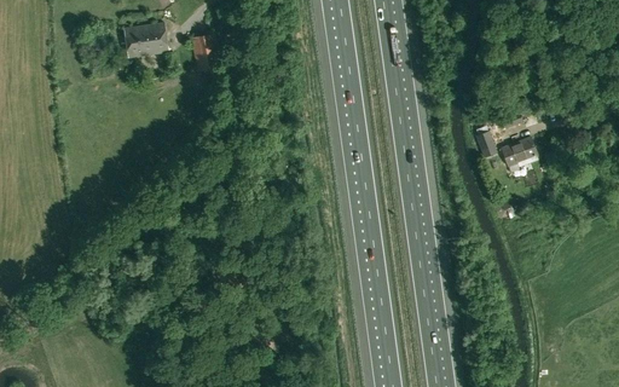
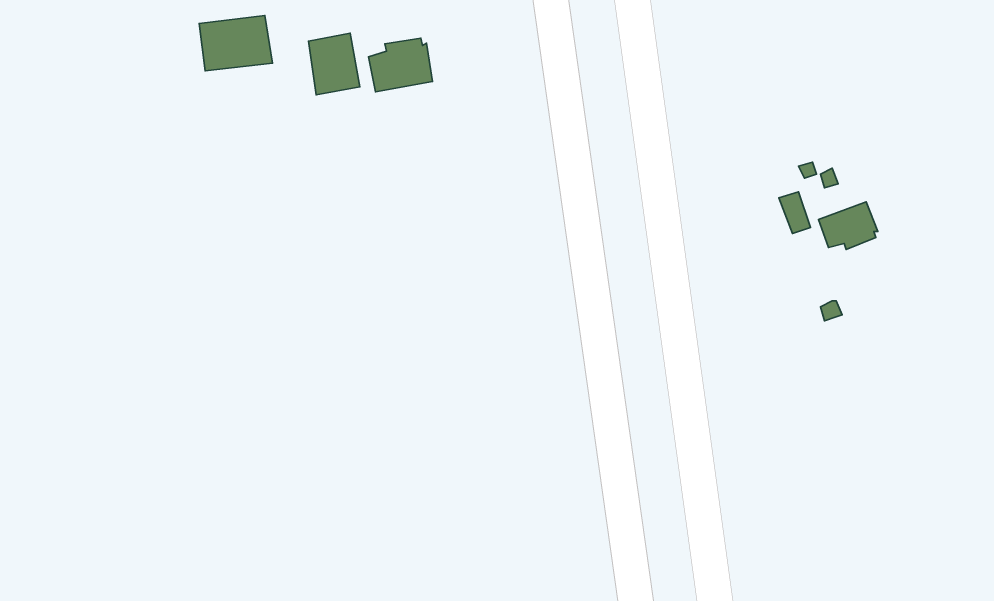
building: none -> [369,38,433,92]

